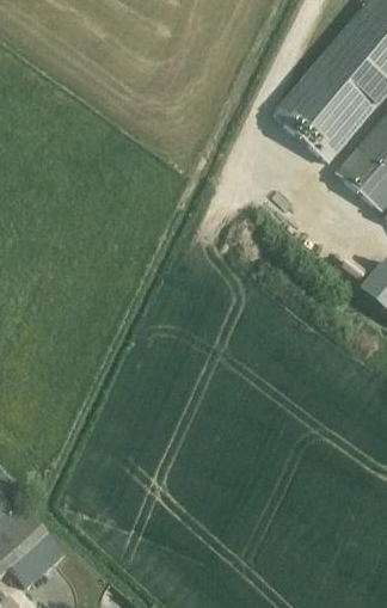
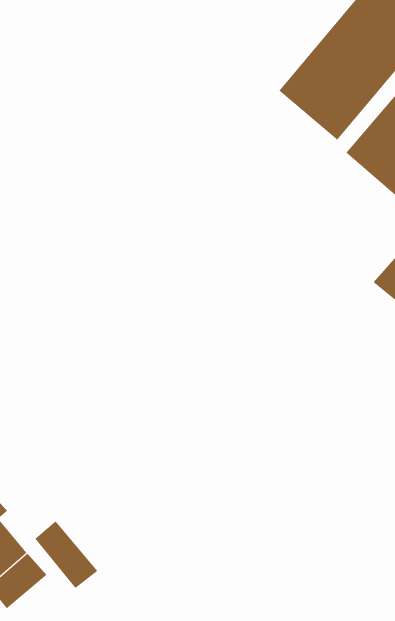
building: none -> [34,520,98,589]

